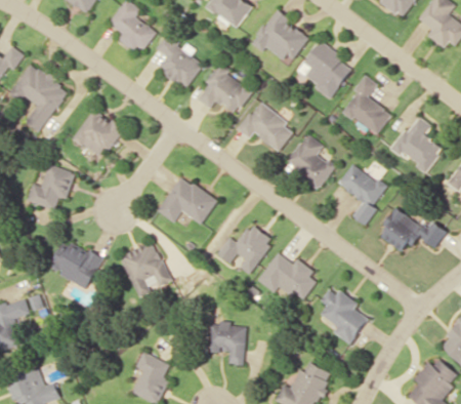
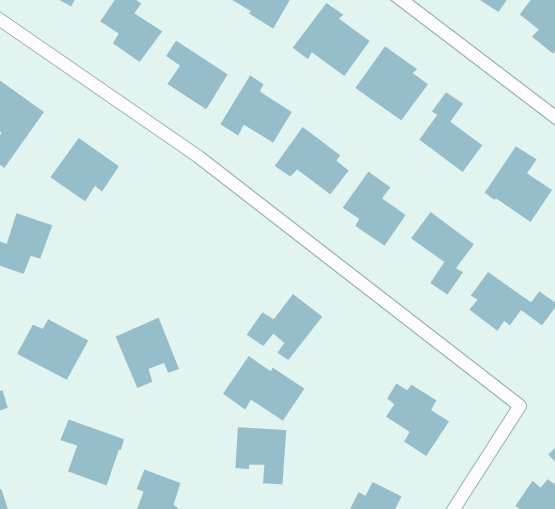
building: [157,176,218,225] -> none
building: [257,252,319,301] -> [222,355,305,422]
building: none -> [59,418,125,486]

